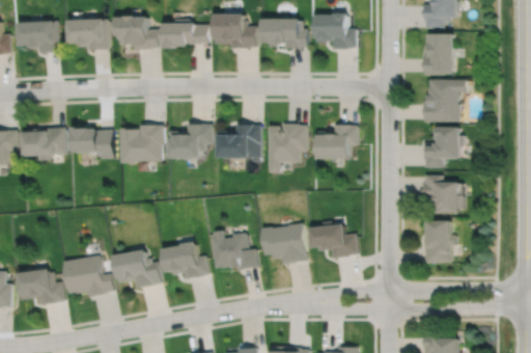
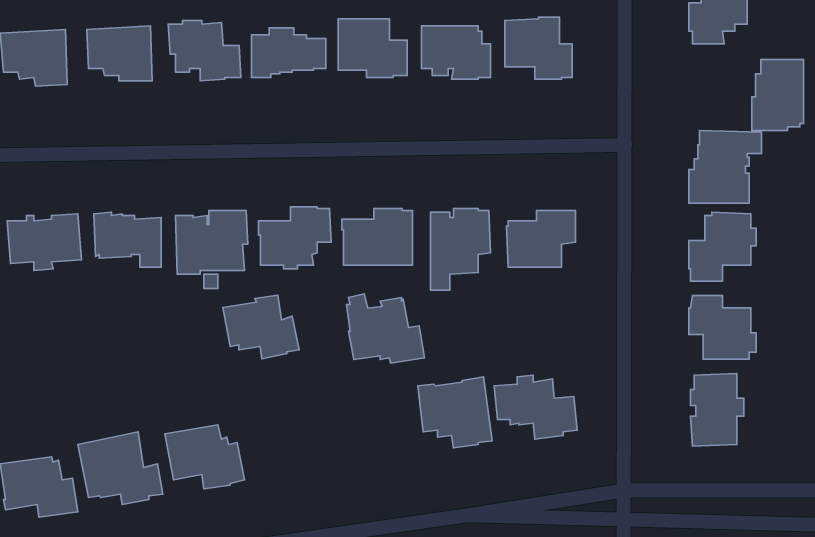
building: [422,33,452,75] -> [752,60,803,131]
building: [214,230,259,271] -> [347,294,425,363]
building: [165,243,209,280] -> [223,295,299,359]

